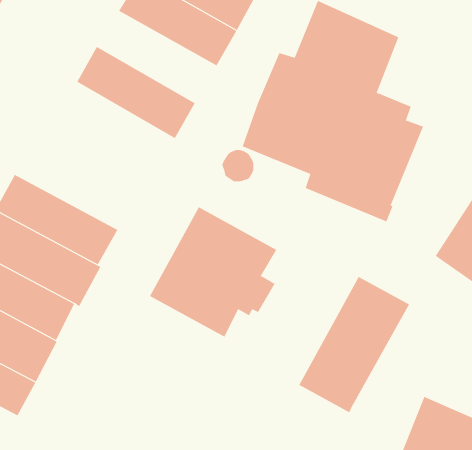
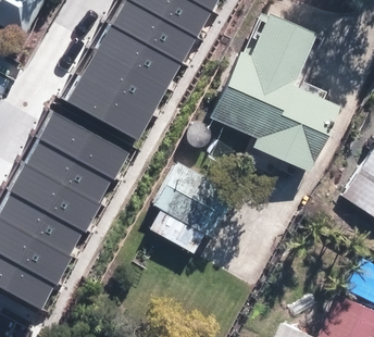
building: none -> [99,22,184,87]
building: none -> [70,72,154,138]
building: none -> [41,110,130,177]
building: [298,276,410,413] -> none

